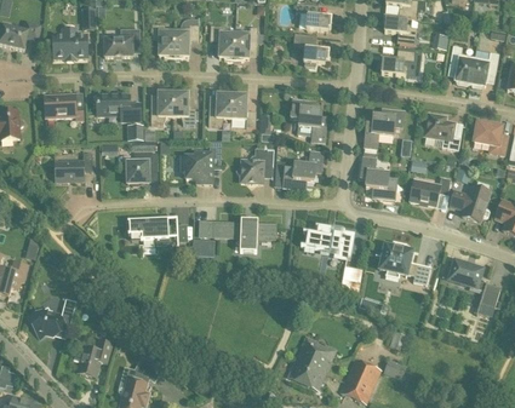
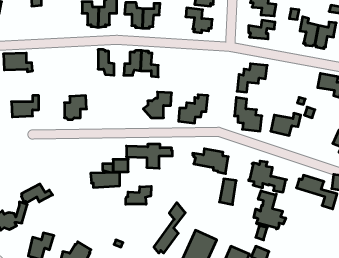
building: [104,28,139,56] -> none
building: [53,30,87,57] -> none
building: [150,88,173,122] -> none
building: [97,93,141,119] -> none
building: [291,98,327,142] -> none
building: [424,113,460,149] -> none
building: [182,139,222,180] -> none
building: [450,188,490,220] -> none
building: [127,218,167,239] -> [91,172,120,187]
building: none -> [21,184,53,203]
building: none -> [126,186,151,204]
building: none -> [254,191,286,229]
building: none -> [154,203,185,253]

